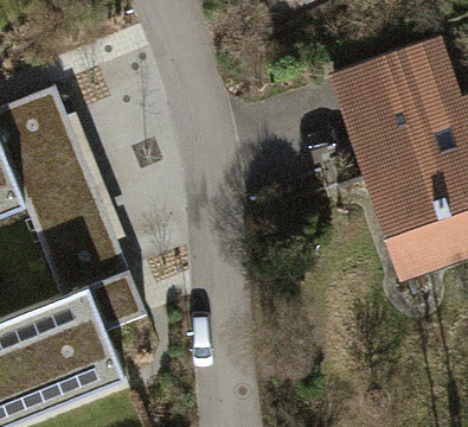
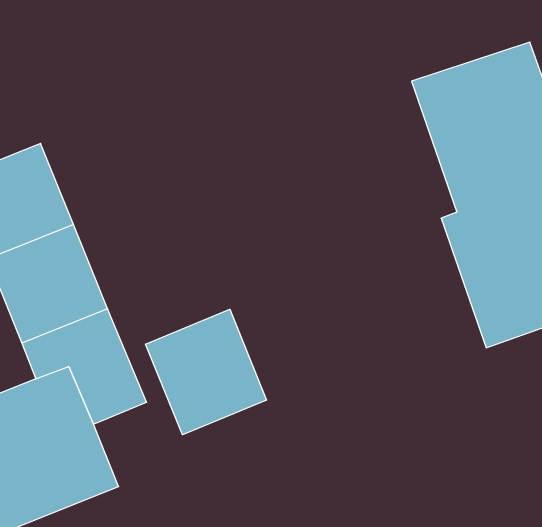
building: none -> [146,309,267,435]

